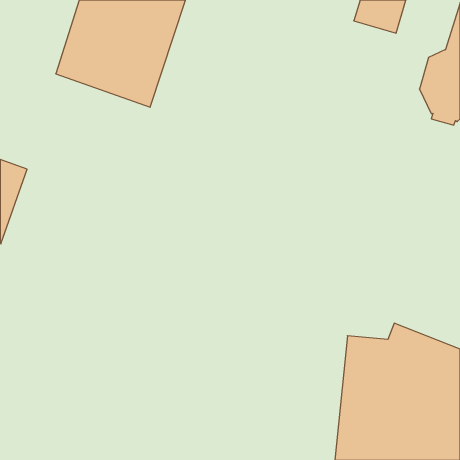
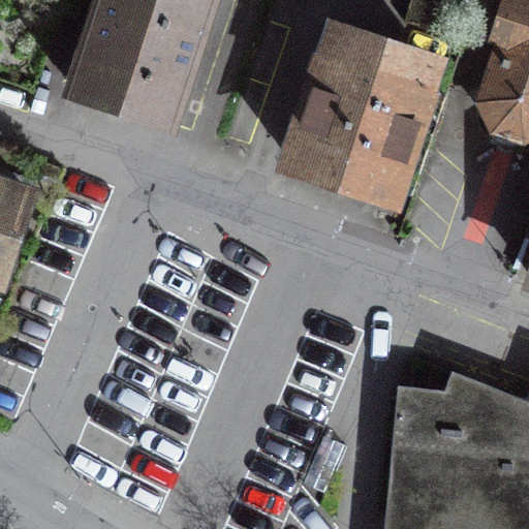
building: none -> [294,33,434,195]

